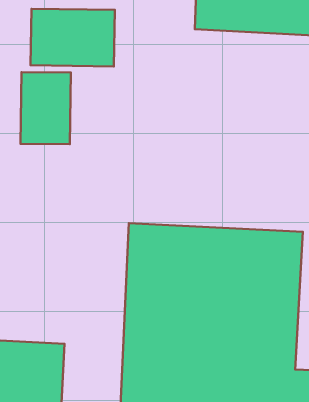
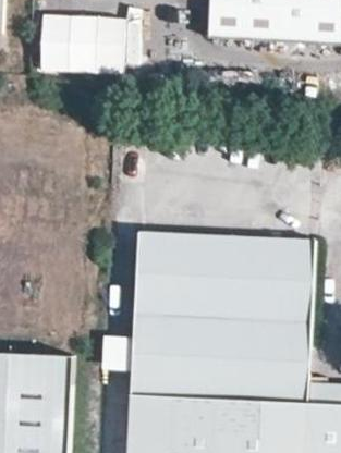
building: [21,72,71,144] -> none

